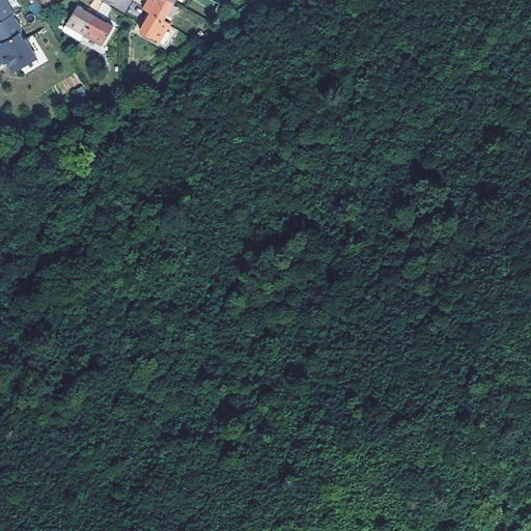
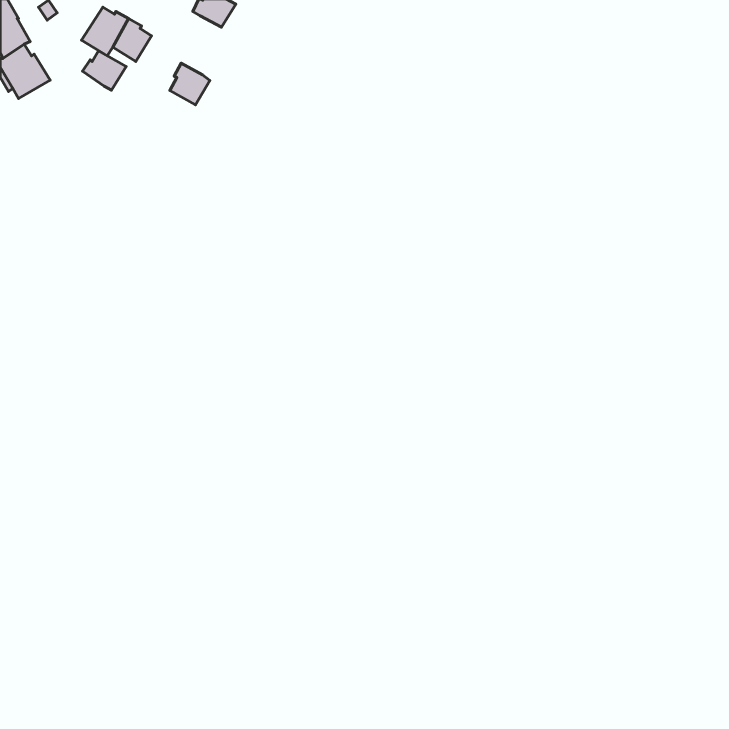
building: [138,11,167,41] -> [170,63,210,105]
building: none -> [83,51,126,90]

